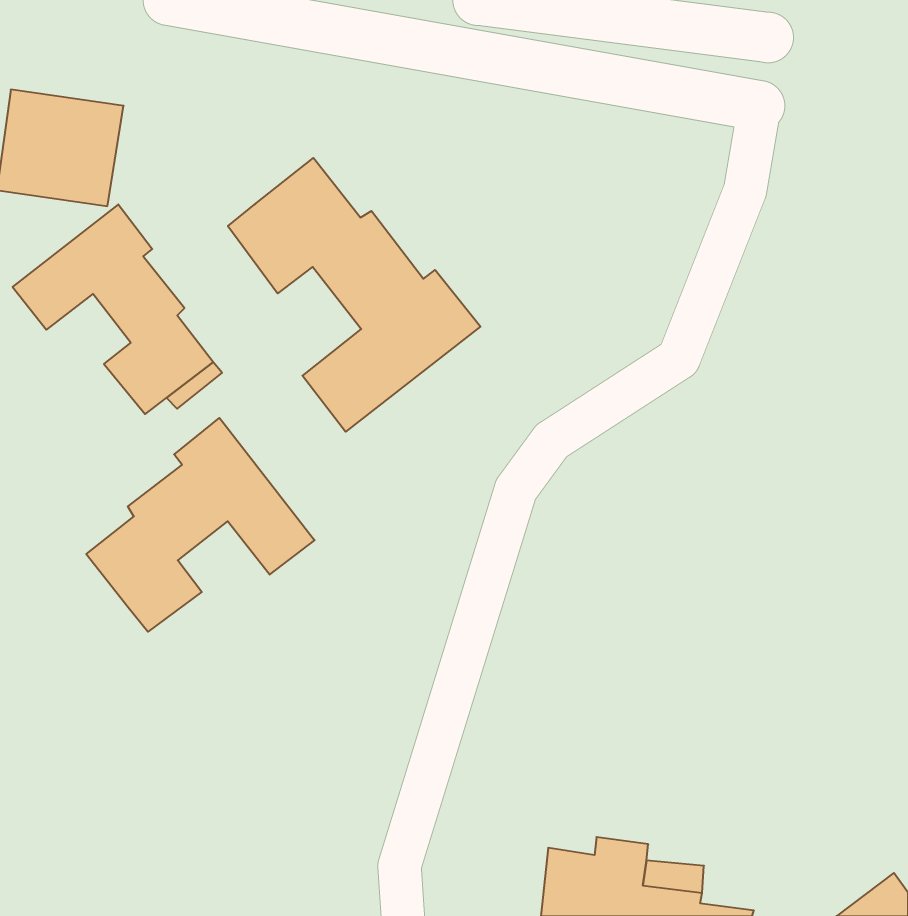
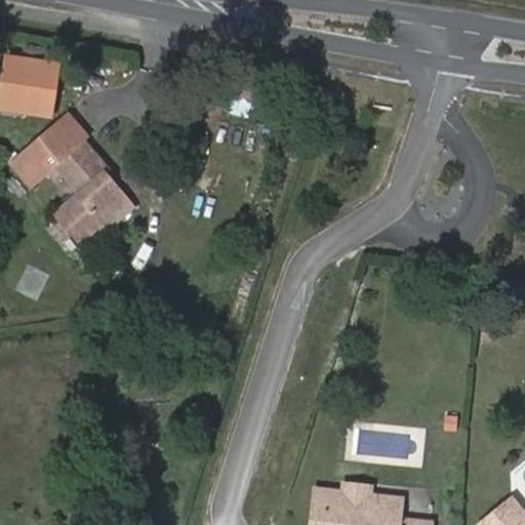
building: [228,158,480,432] -> none
building: [86,418,315,632] -> none

